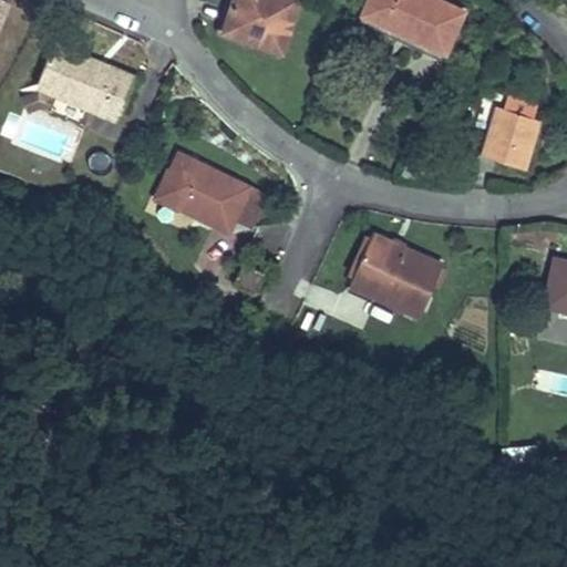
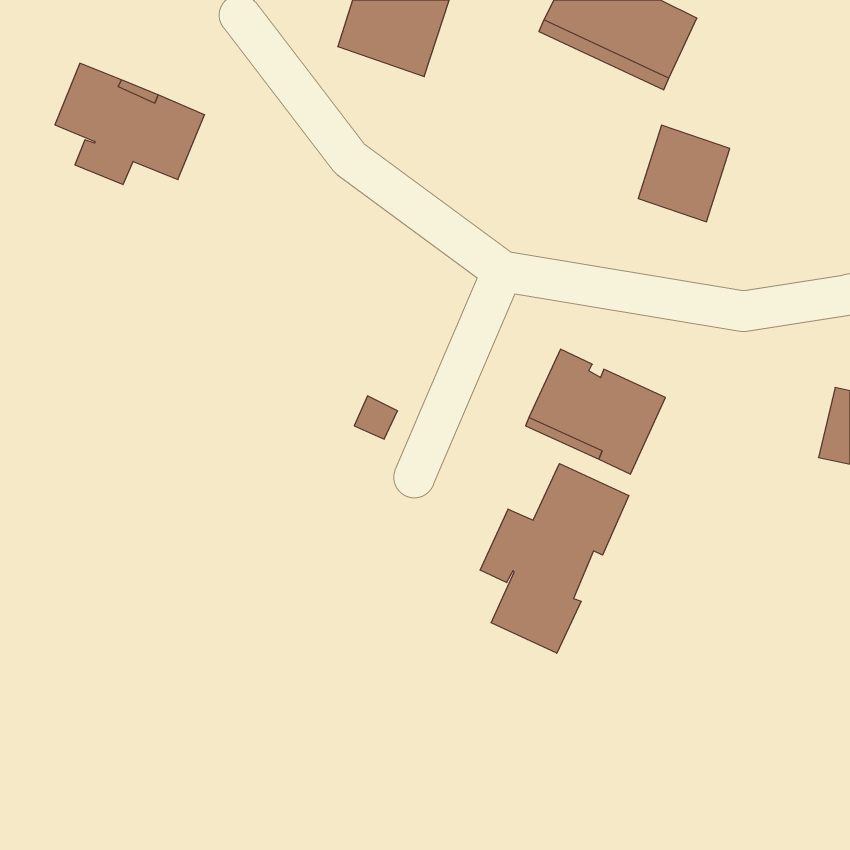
building: [481,105,542,169] -> [638,125,730,222]
building: [156,152,252,233] -> none
building: none -> [480,464,629,653]

